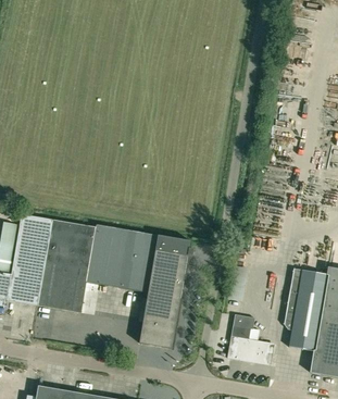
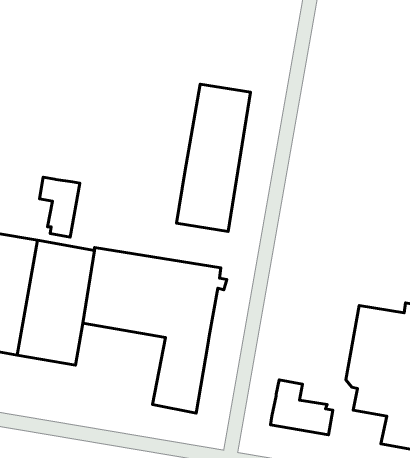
building: none -> [176,84,250,232]
building: none -> [39,177,80,237]

